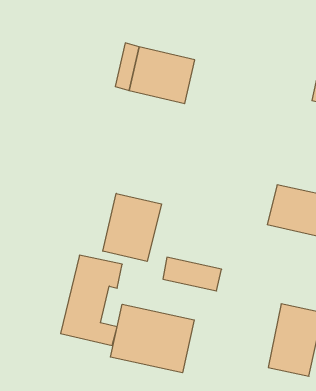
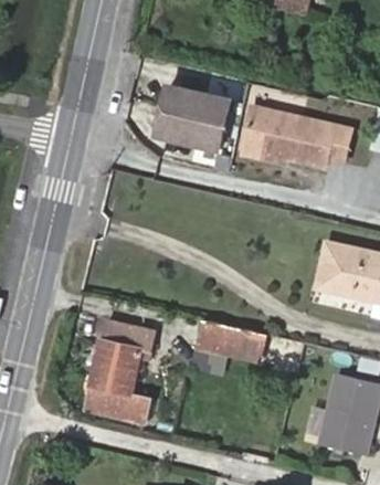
building: none -> [247,104,357,166]
building: [103,193,161,261] -> none
building: [110,304,194,373] -> none

